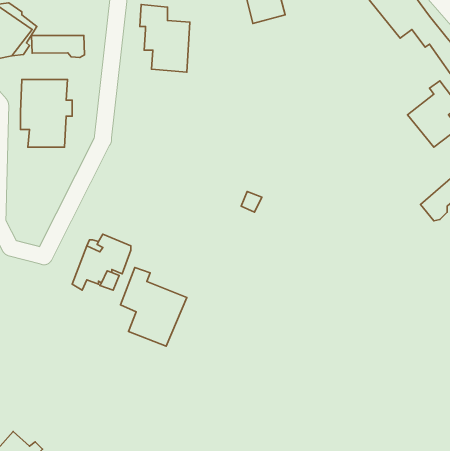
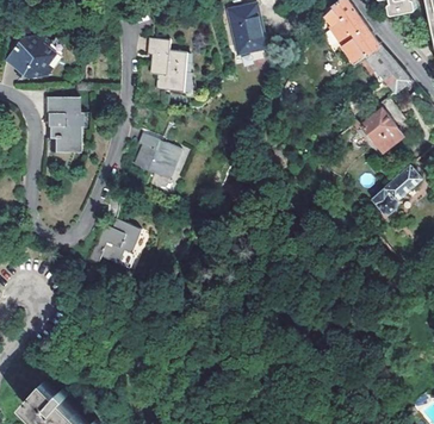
building: [31,35,84,58] -> none
building: none -> [131,133,176,176]
building: [120,268,187,346] -> none

